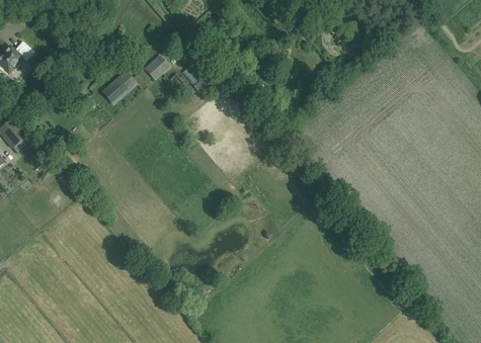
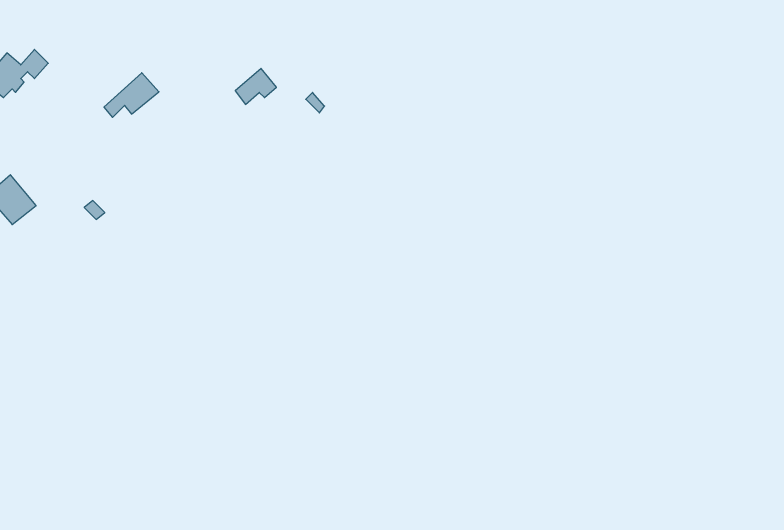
building: [103,72,136,98] -> [104,73,159,117]

